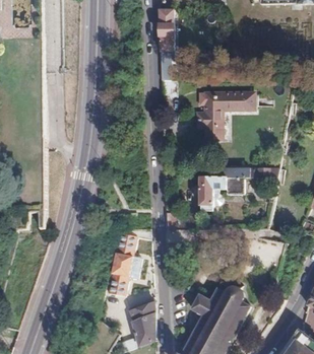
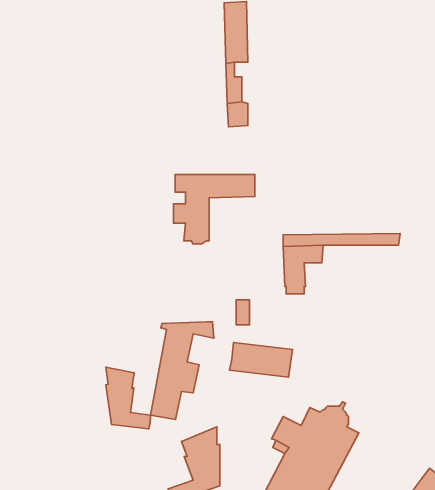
building: [196,92,252,140] -> [174,174,255,244]
building: none -> [229,342,293,377]
building: none -> [106,367,150,429]

